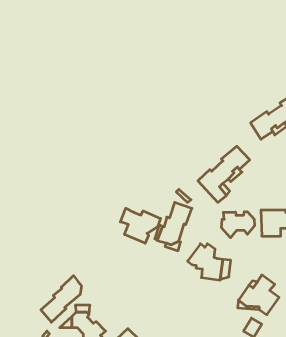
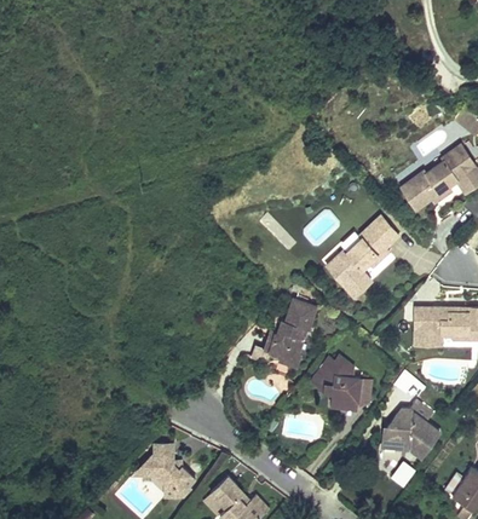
building: [120,208,161,243] -> none
building: [222,212,254,238] -> none
building: [41,276,81,322] -> none

